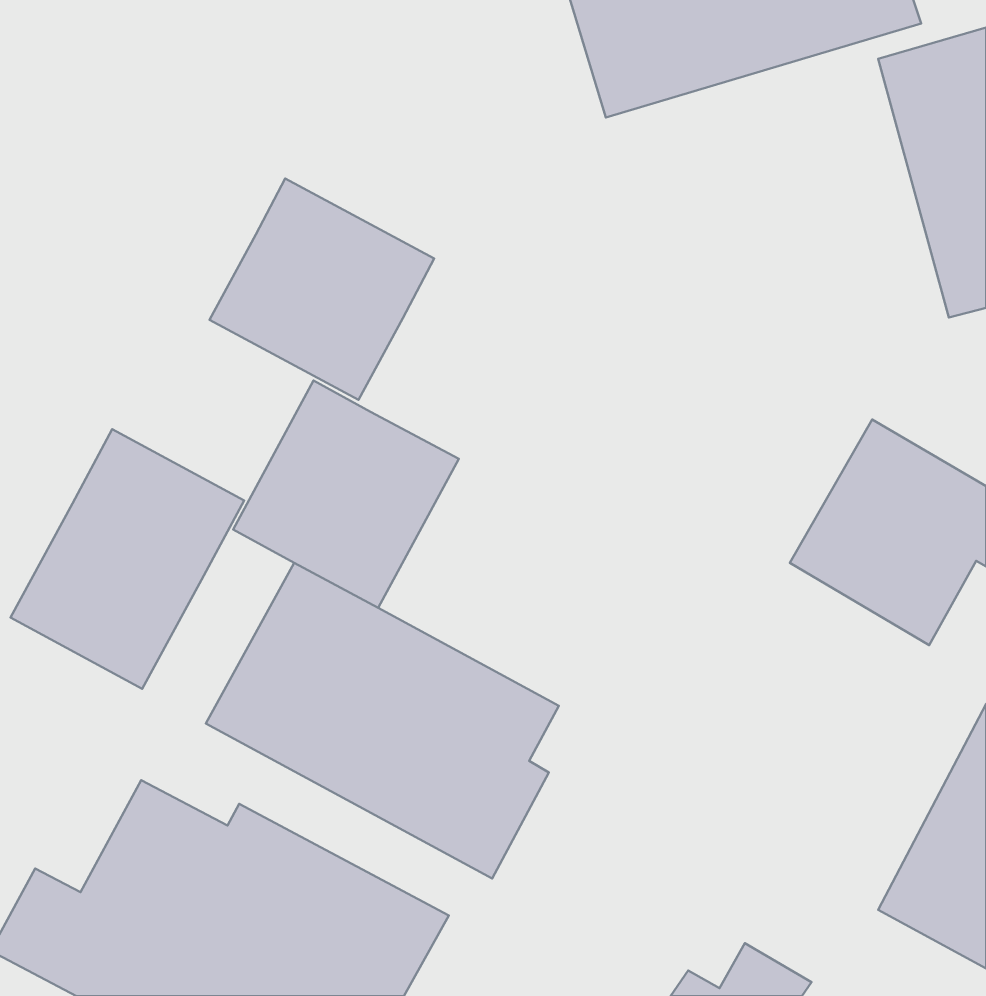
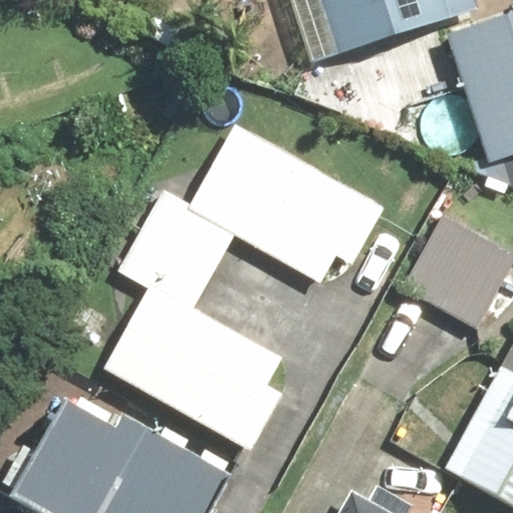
building: [209,179,434,400] -> none
building: none -> [189,127,384,281]
building: [10,429,244,689] -> none

